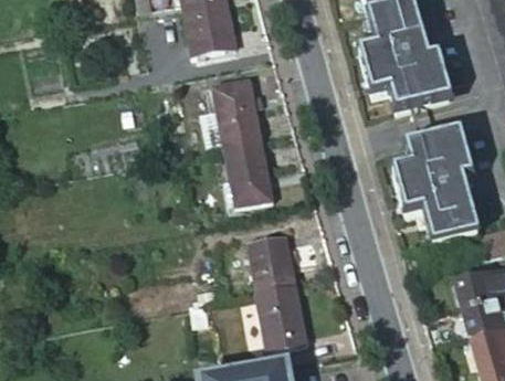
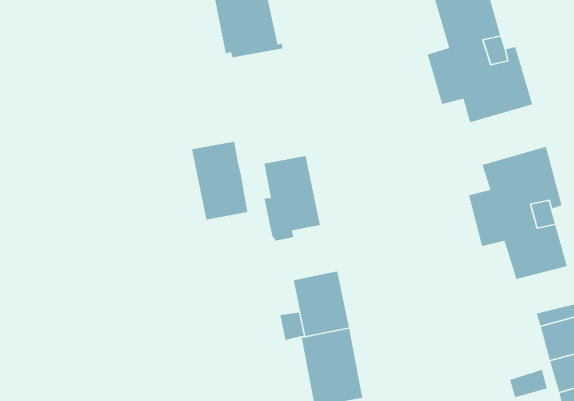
building: [212,77,260,144] -> [191,141,248,220]

